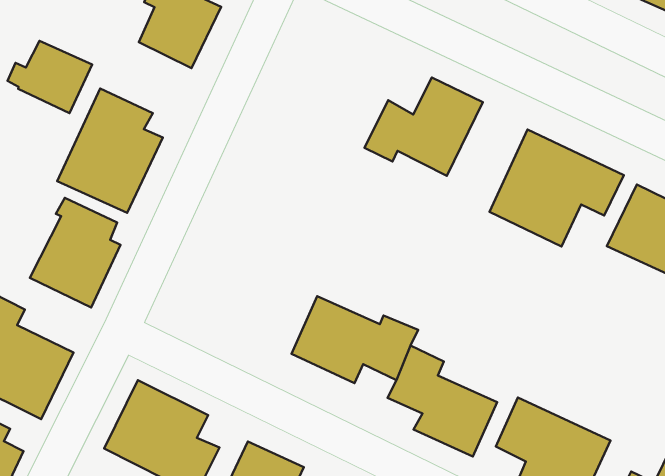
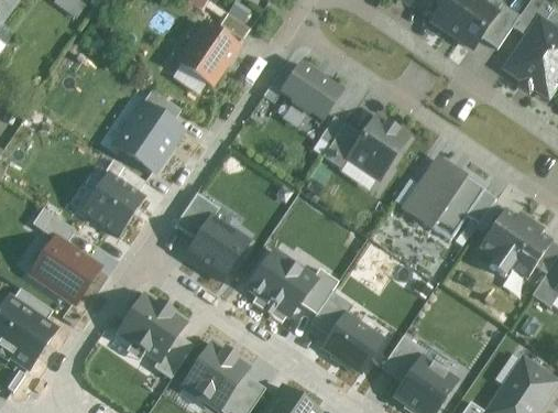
building: none -> [254,65,341,128]
building: [7,41,92,113] -> none
building: none -> [176,195,250,282]

